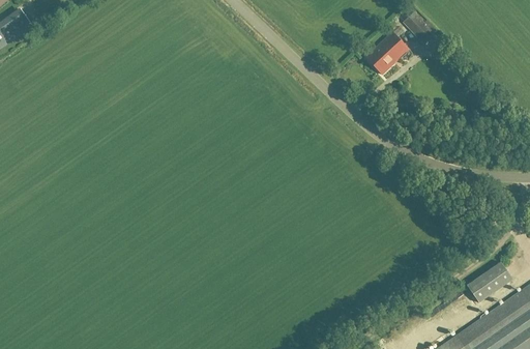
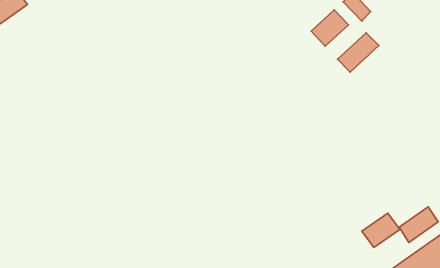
building: none -> [337,33,379,72]
building: none -> [362,213,400,248]

